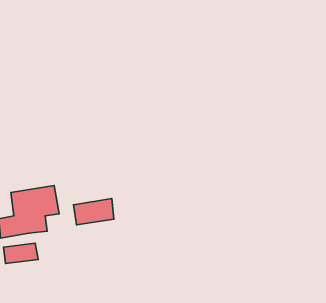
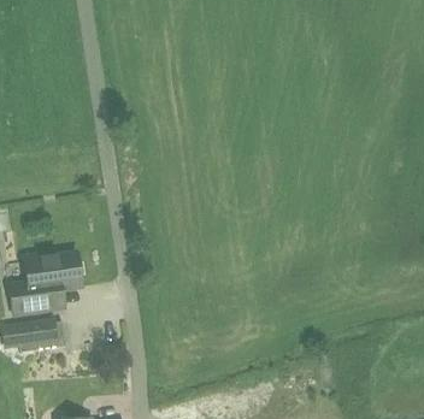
building: [73,199,114,225] -> none

